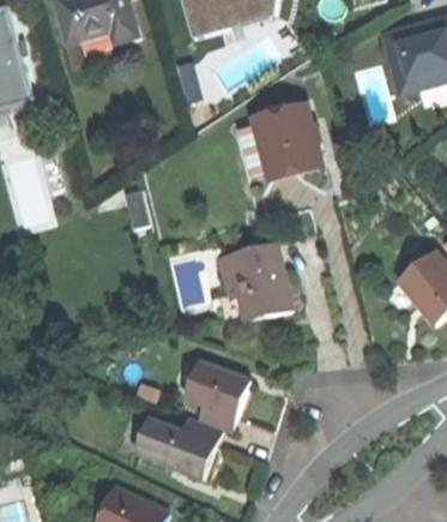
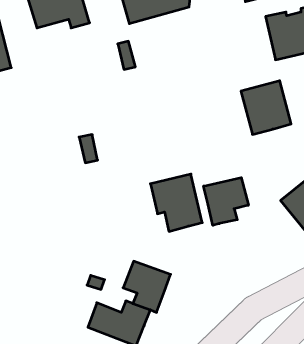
building: [254,103,322,176] -> [241,81,291,134]
building: none -> [204,178,248,225]

